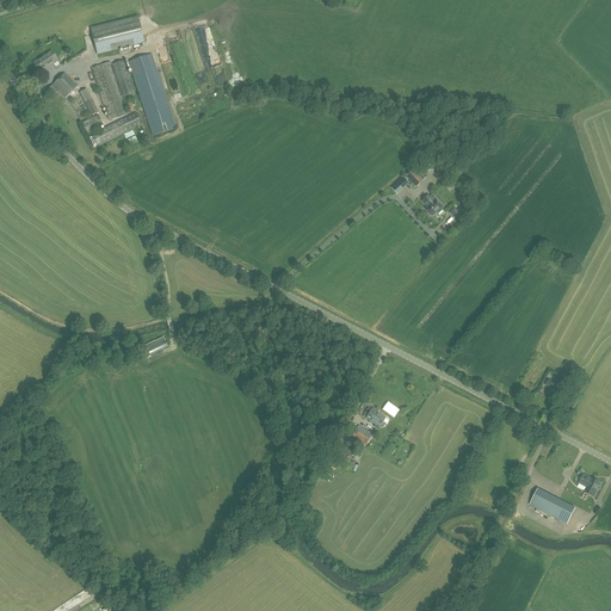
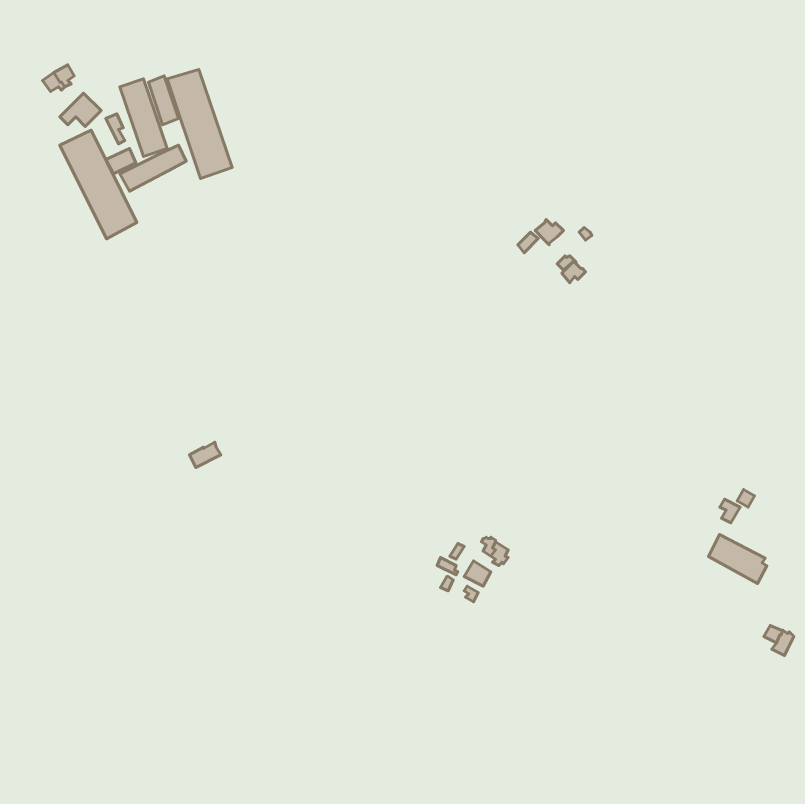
building: [90,16,143,51] -> none
building: none -> [60,130,137,239]
building: [529,485,573,521] -> [709,534,767,583]

